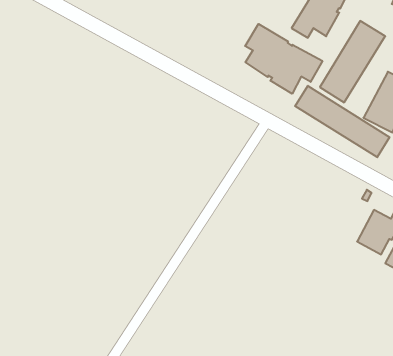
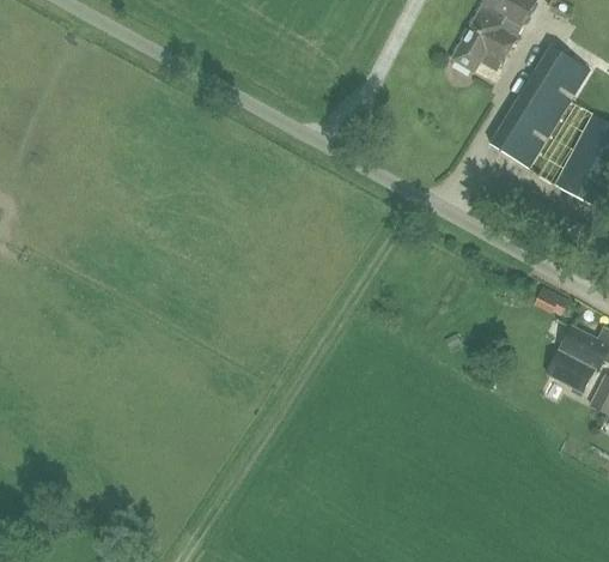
building: [245,24,322,94] -> none
building: [295,86,389,157] -> none

